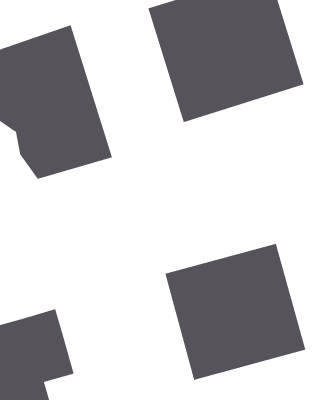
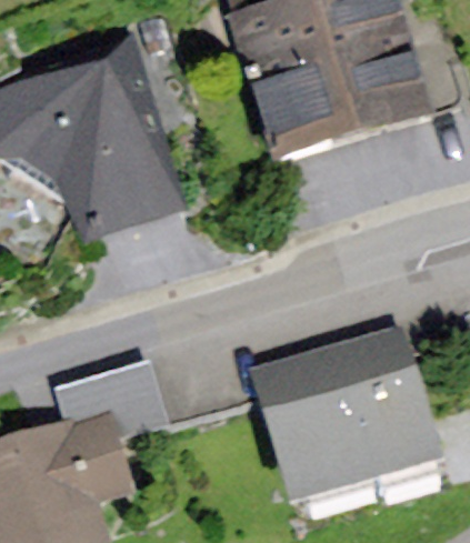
building: none -> [54,355,170,443]

